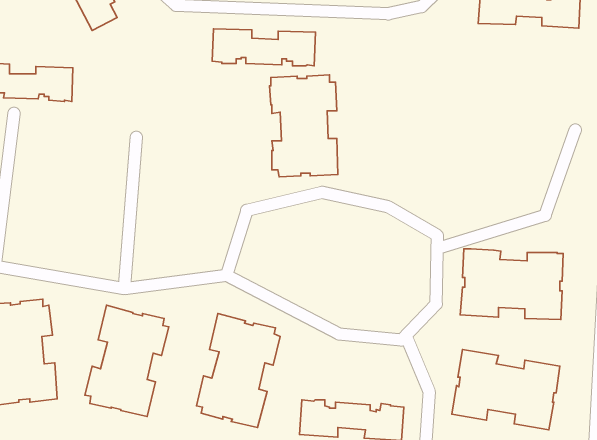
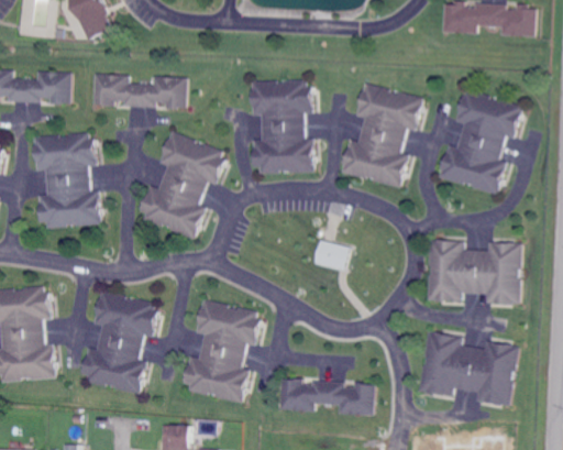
building: [212,29,315,66] -> [91,74,186,108]
building: none -> [342,83,422,187]
building: none -> [439,88,522,194]
building: none -> [140,131,225,239]
building: none -> [33,132,100,228]
building: none -> [313,237,349,267]

